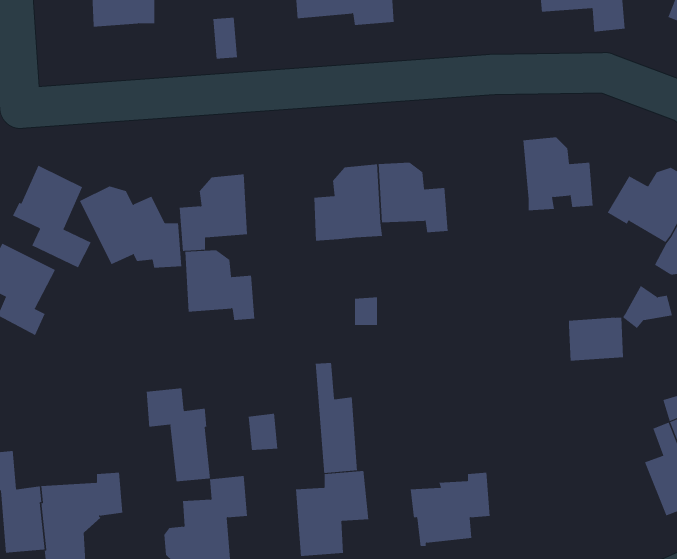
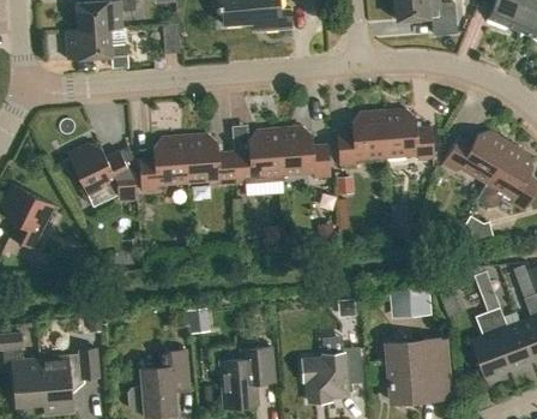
building: none -> [66,29,129,73]
building: none -> [338,112,387,166]
building: [12,165,91,268] -> none
building: [185,250,255,321] -> [186,134,236,185]
building: [568,317,624,361] -> [396,287,435,318]
building: [315,362,357,474] -> none
building: [146,388,211,482] -> none
building: none -> [390,339,447,397]

